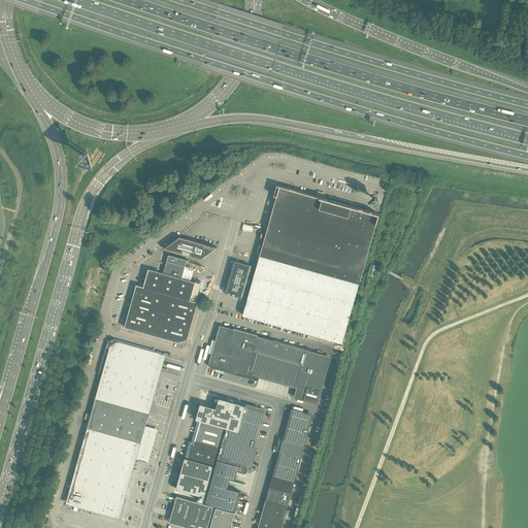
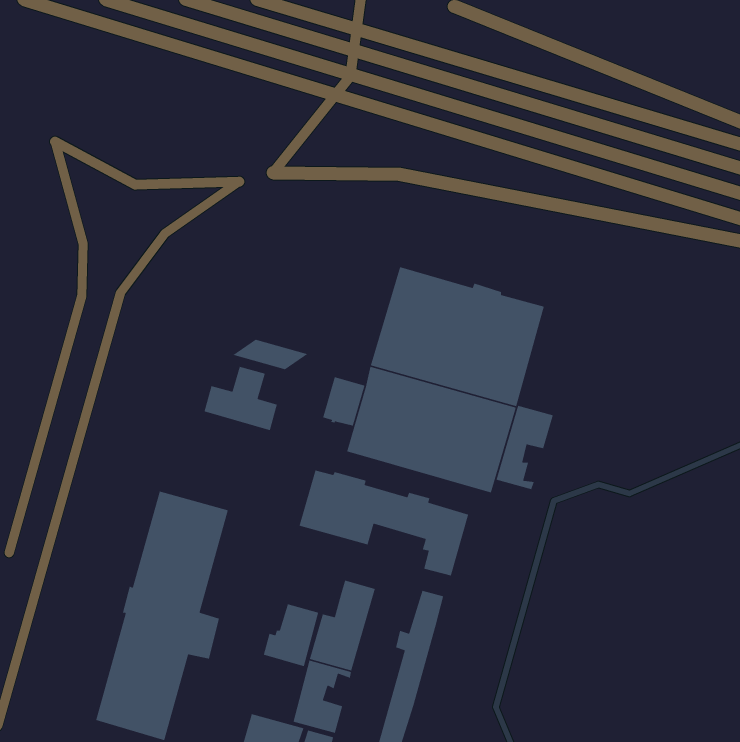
building: none -> [496,405,554,490]
building: [123,286,196,342] -> none
building: [195,398,240,430] -> none
building: [174,458,212,502] -> none

